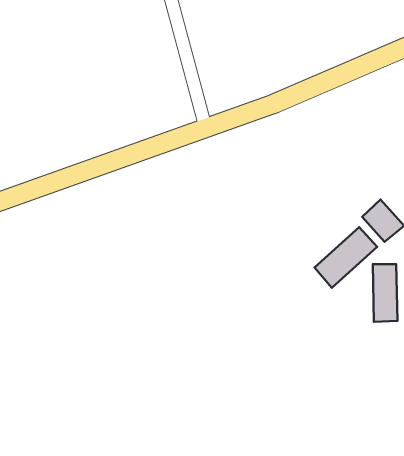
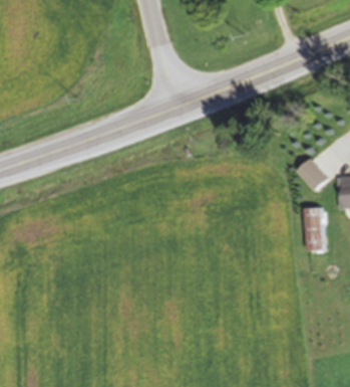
building: [315,227,377,288] -> none

